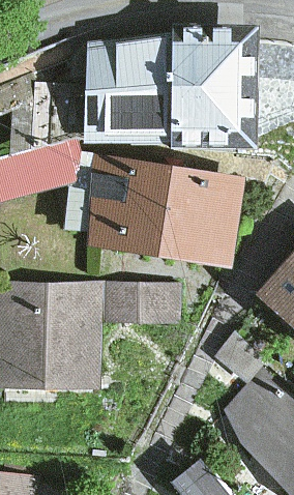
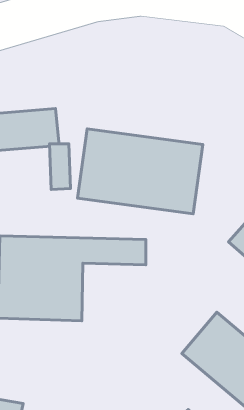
building: [100,33,189,128] -> none
building: [193,36,274,137] -> none

